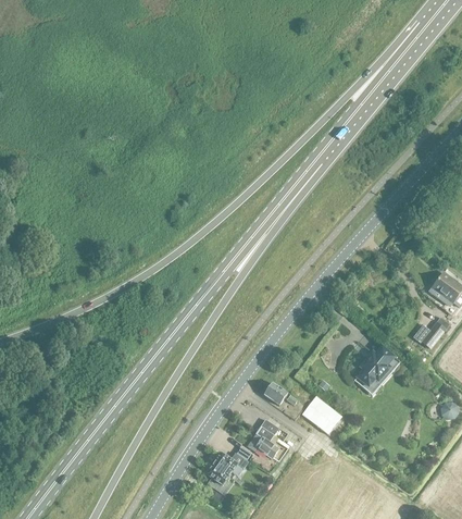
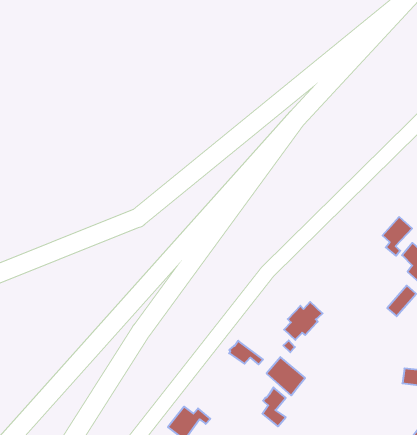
building: none -> [383,217,412,256]
building: [357,347,395,386] -> [284,302,323,340]
building: [255,419,279,458] -> [262,387,286,426]

